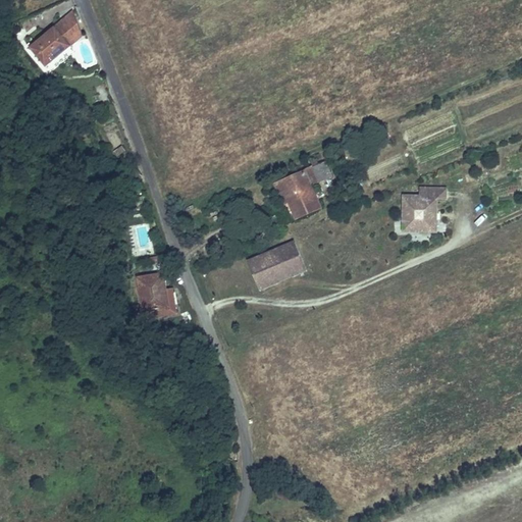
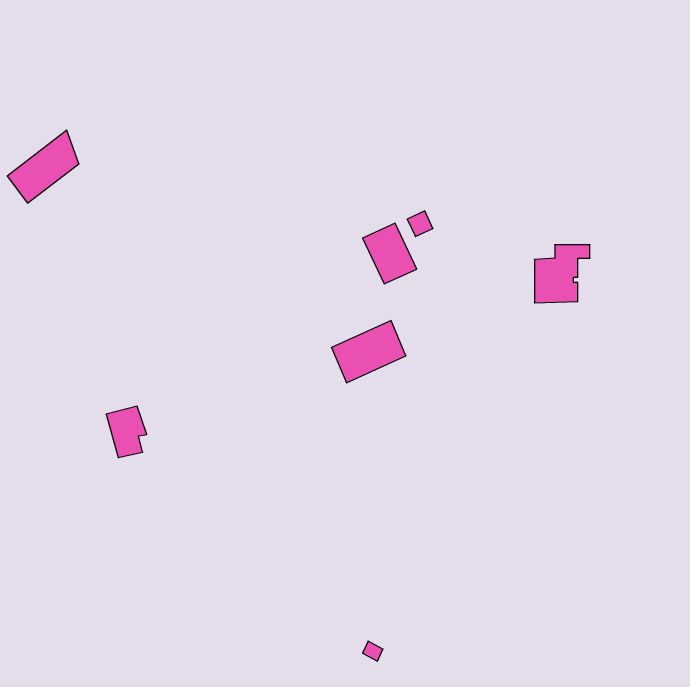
building: [28,12,82,67] -> [7,130,79,203]
building: [141,272,171,311] -> [106,406,147,458]

